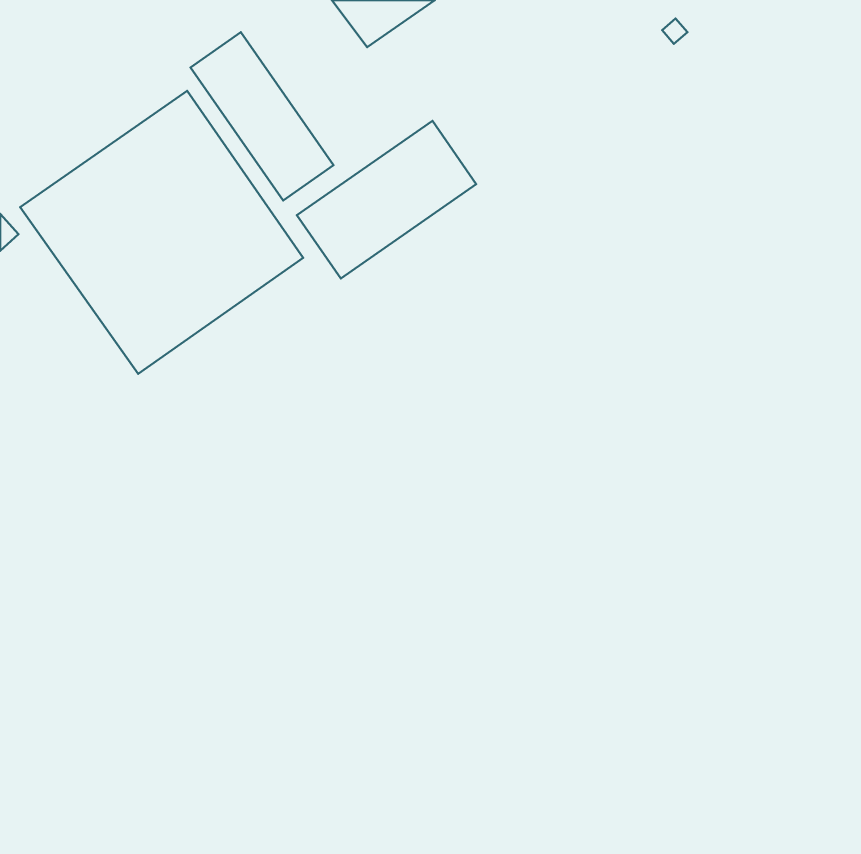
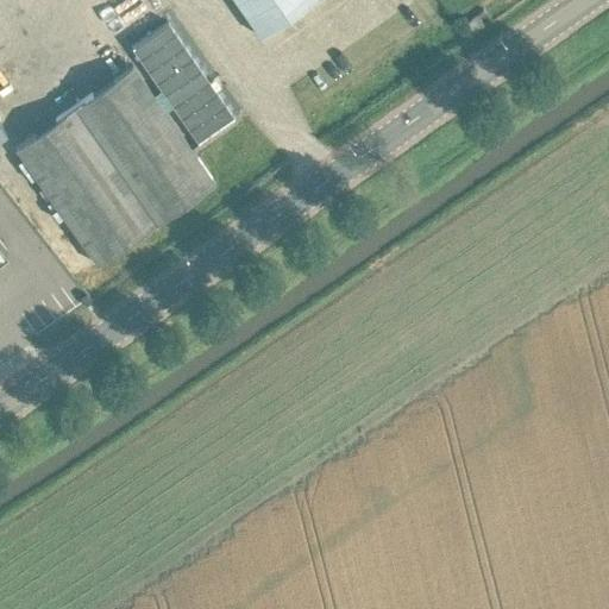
building: [297,121,476,278] -> none

